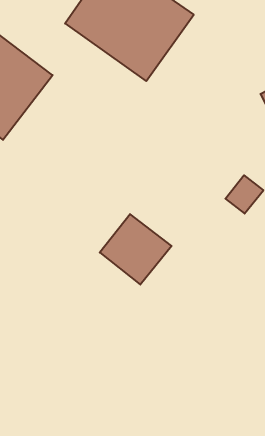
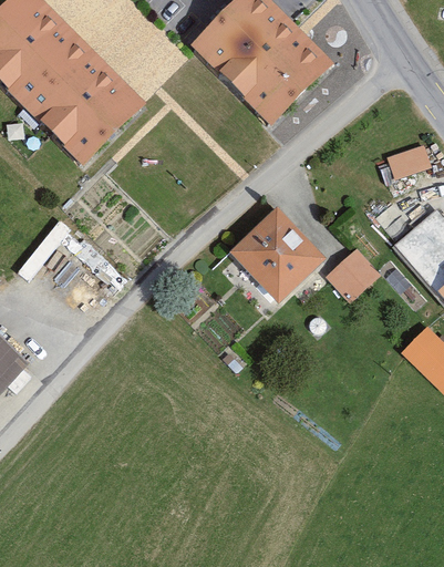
building: [100,214,172,285] -> [236,212,322,297]

